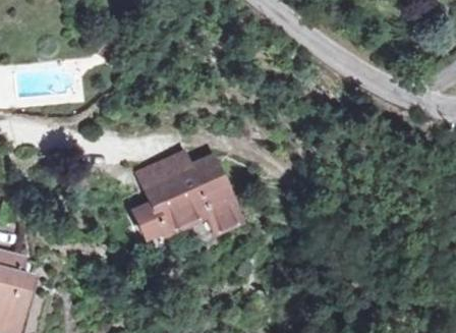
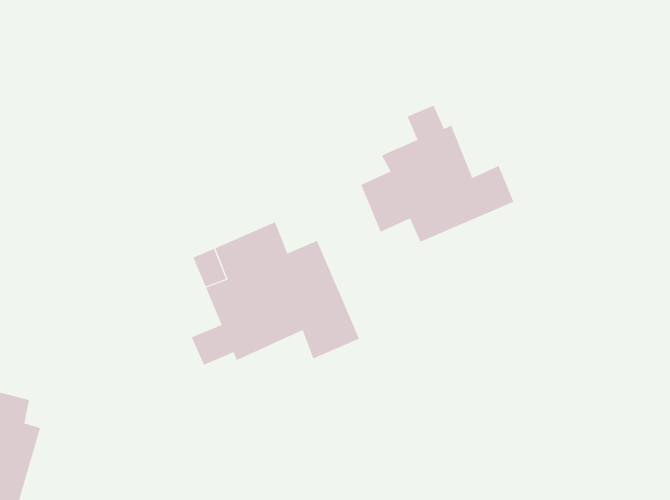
building: none -> [360,105,514,243]

